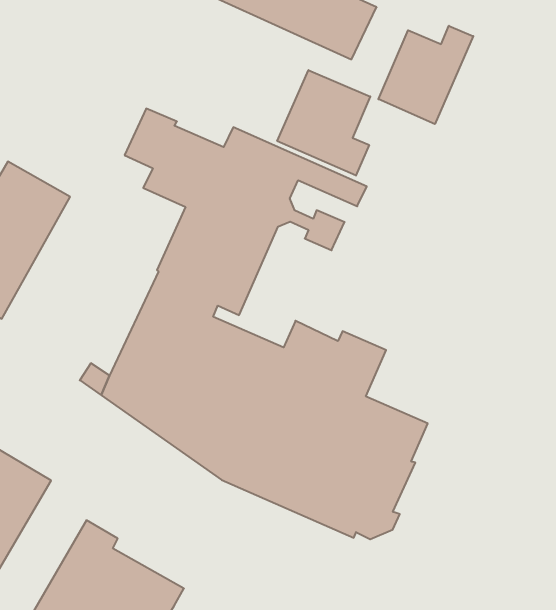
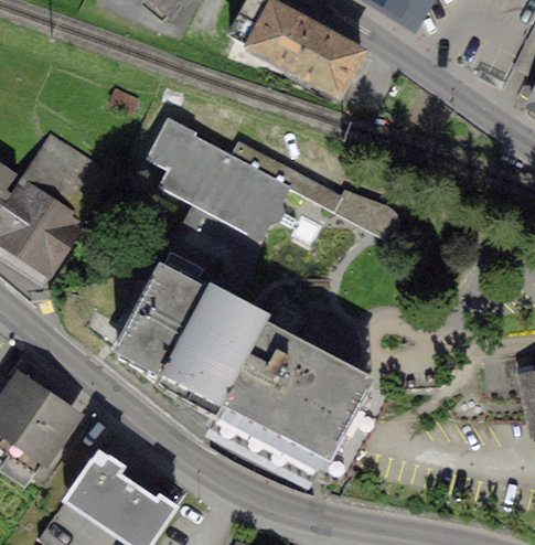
building: [378,26,473,124] -> none
building: [277,70,370,176] -> none

